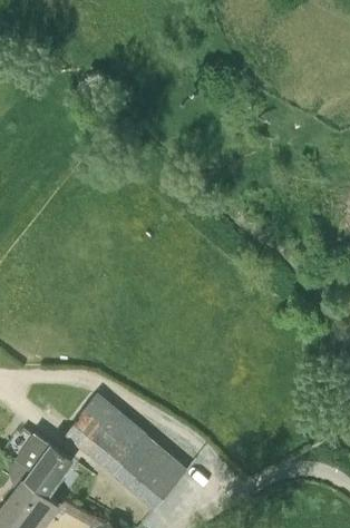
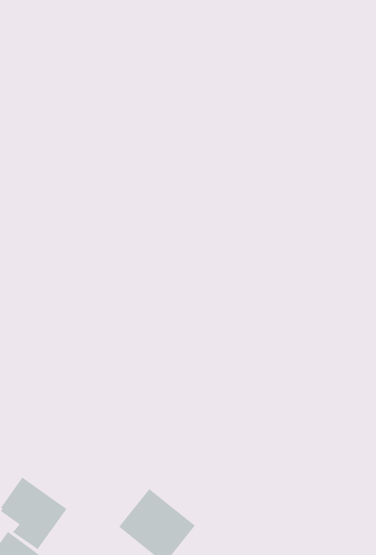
building: [67,400,144,473] -> none

